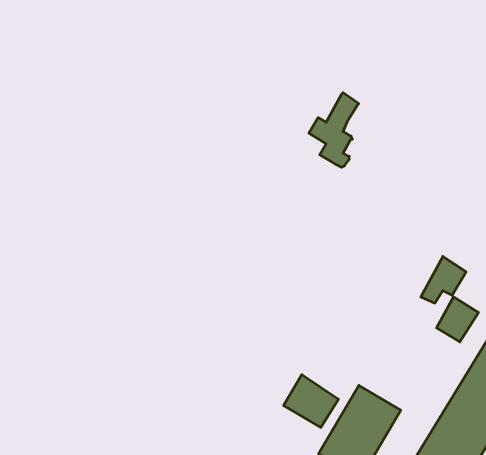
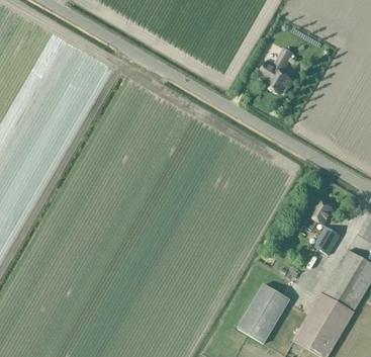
building: [309,93,359,167] -> [262,46,294,94]
building: [284,375,338,427] -> none

